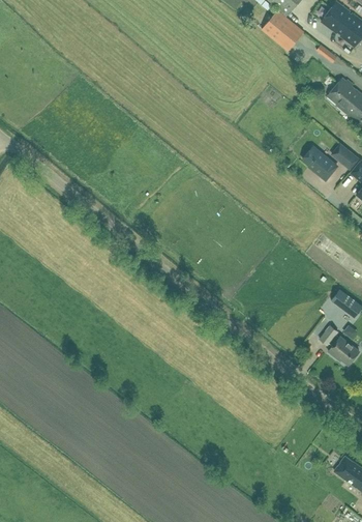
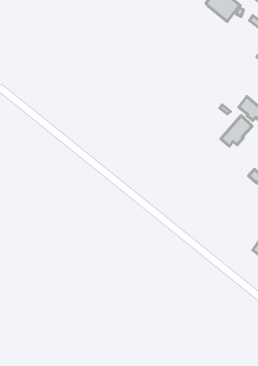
building: none -> [221,115,252,146]

